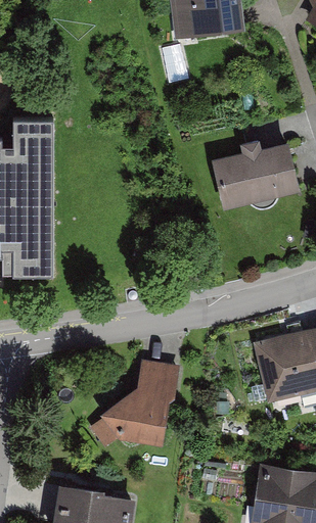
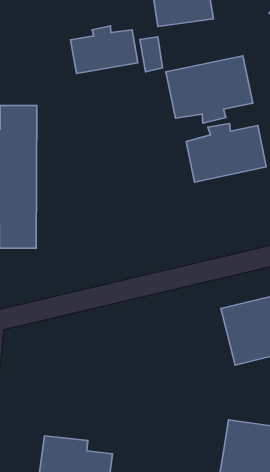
building: none -> [71,26,138,74]
building: none -> [166,56,253,123]
building: [88,364,178,443] -> none

